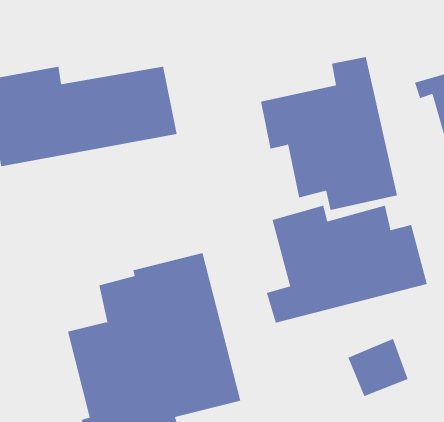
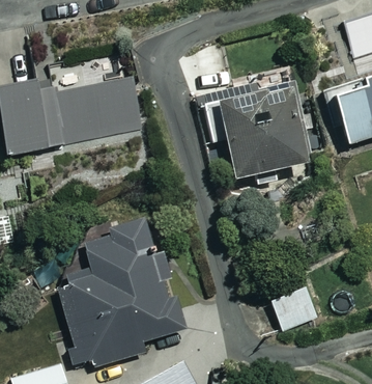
building: [266,205,427,324] -> none

